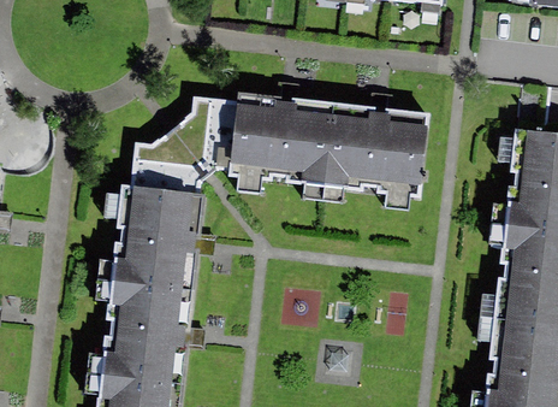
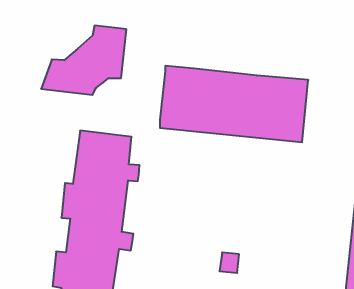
building: [129,98,244,191] -> [41,26,126,95]

